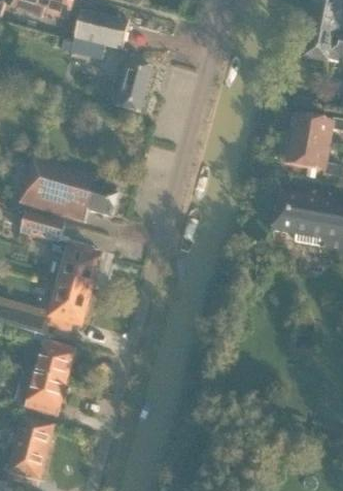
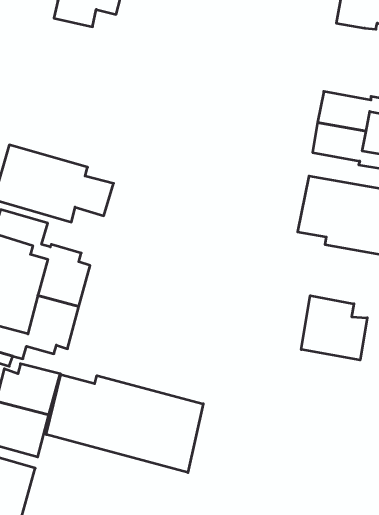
building: [109,58,152,111] -> none
building: none -> [301,296,367,360]
building: none -> [46,374,203,473]

